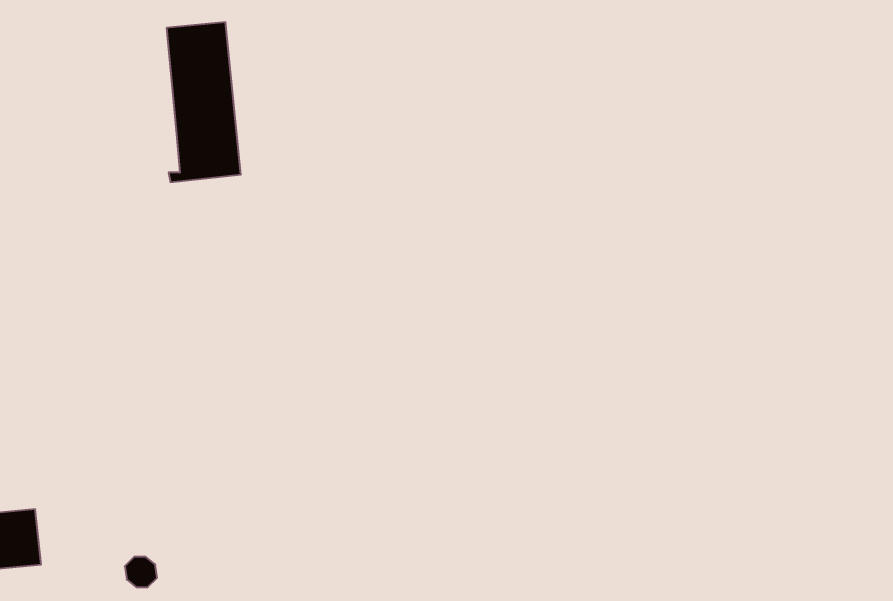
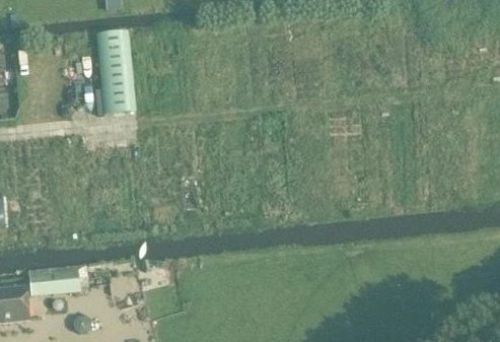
building: none -> [27,265,79,294]

